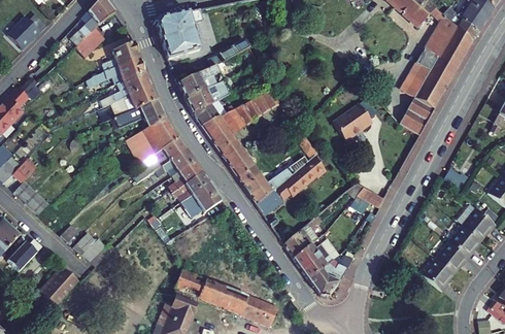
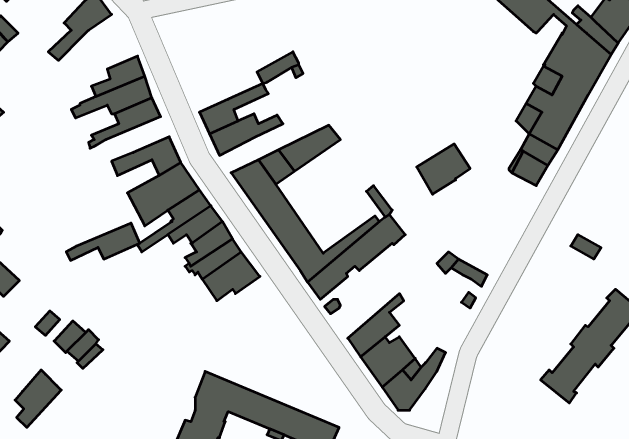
building: [157,8,203,59] -> none
building: [75,27,105,56] -> none
building: [104,85,157,111] -> [66,223,140,260]
building: [193,99,227,125] -> none

